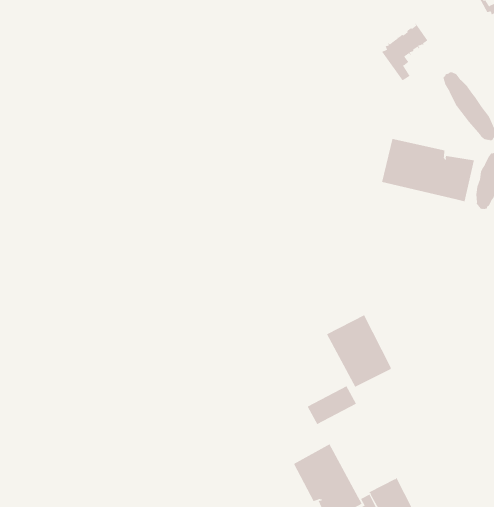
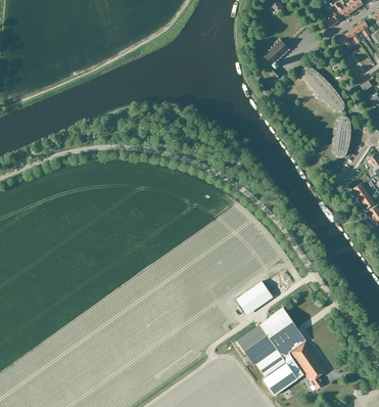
building: [381,138,474,202] -> none
building: [326,314,392,388] -> [259,307,305,356]

